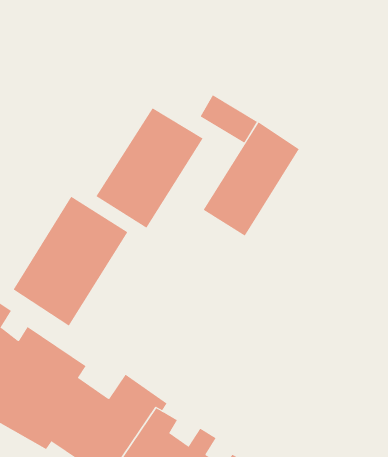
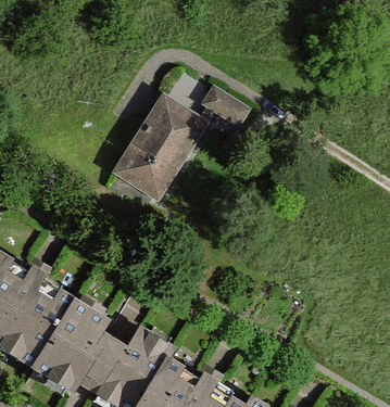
building: [203,122,299,237] -> none
building: [13,196,128,327] -> none

